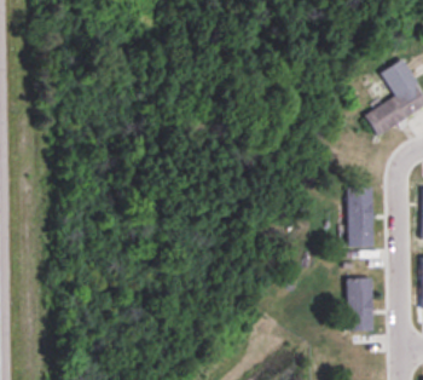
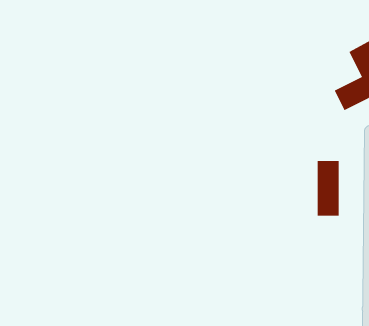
building: [348,280,372,330] -> none

